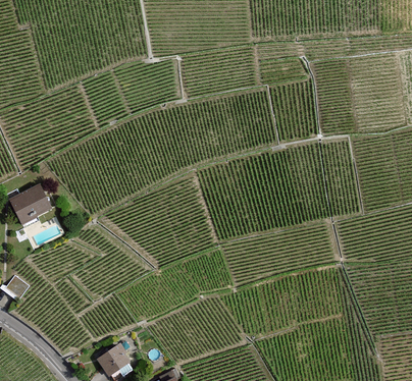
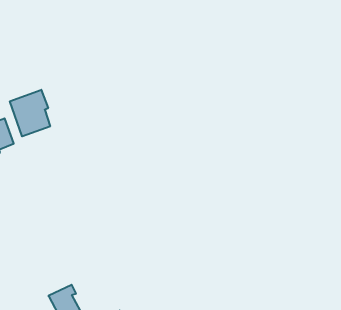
building: none -> [10,90,50,136]

